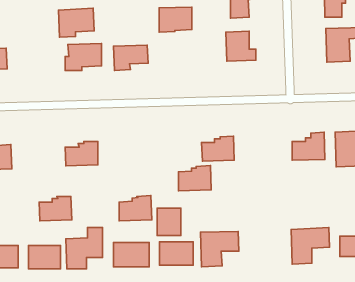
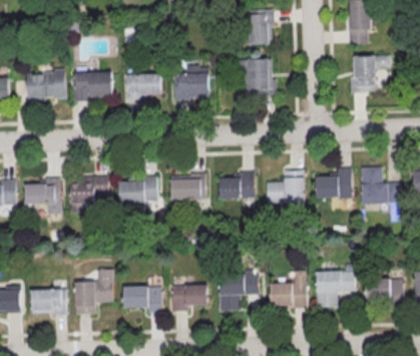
building: [159,7,192,32] -> [173,73,208,100]
building: [59,8,94,37] -> [27,72,65,103]
building: none -> [266,170,304,204]
building: [179,165,211,191] -> [171,172,206,200]
building: [119,195,152,221] -> [122,175,157,203]
building: [39,196,72,221] -> [25,179,60,205]
building: [157,208,181,236] -> none
building: none -> [271,271,308,308]

